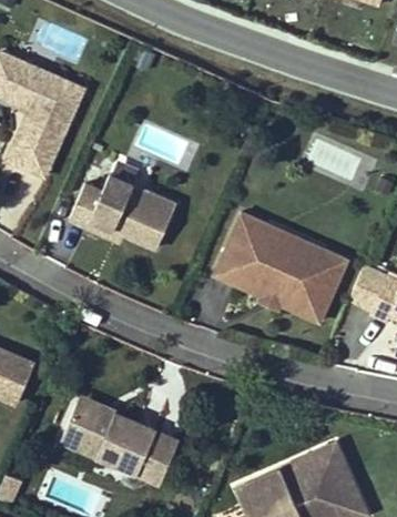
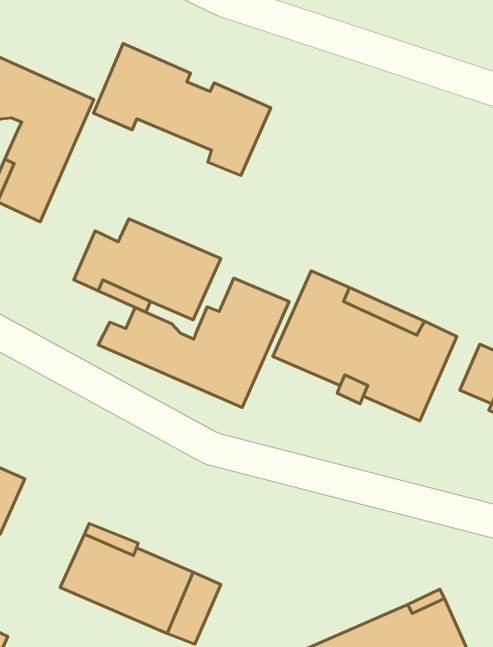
building: none -> [94,44,271,176]
building: none -> [98,278,289,408]

